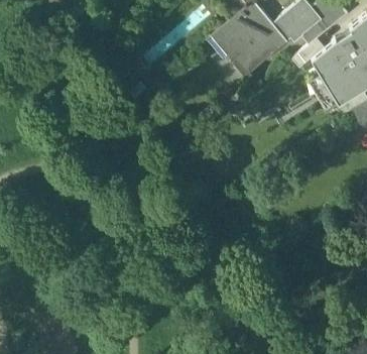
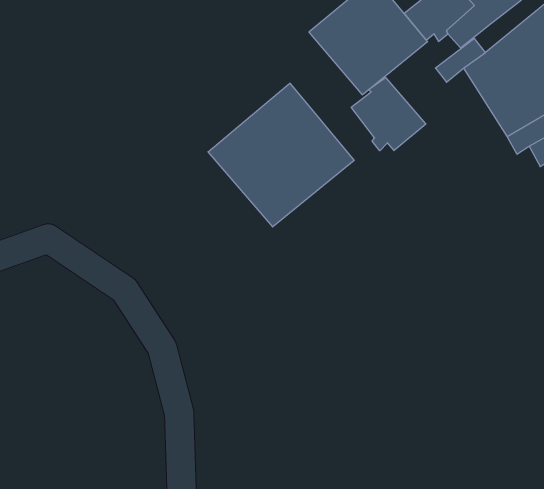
building: none -> [351,78,426,151]
building: none -> [208,83,354,227]

